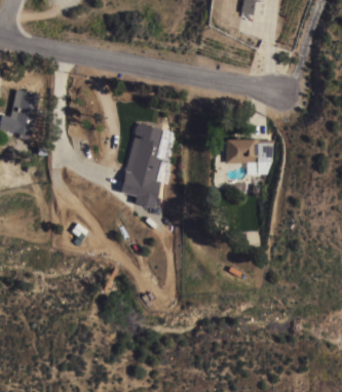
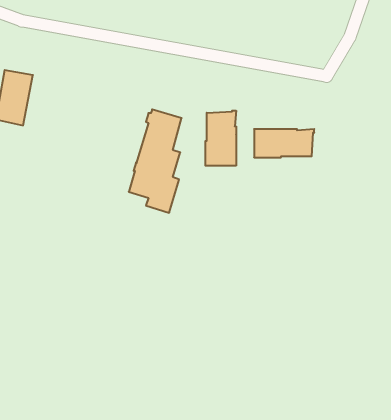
building: none -> [205,111,236,166]

